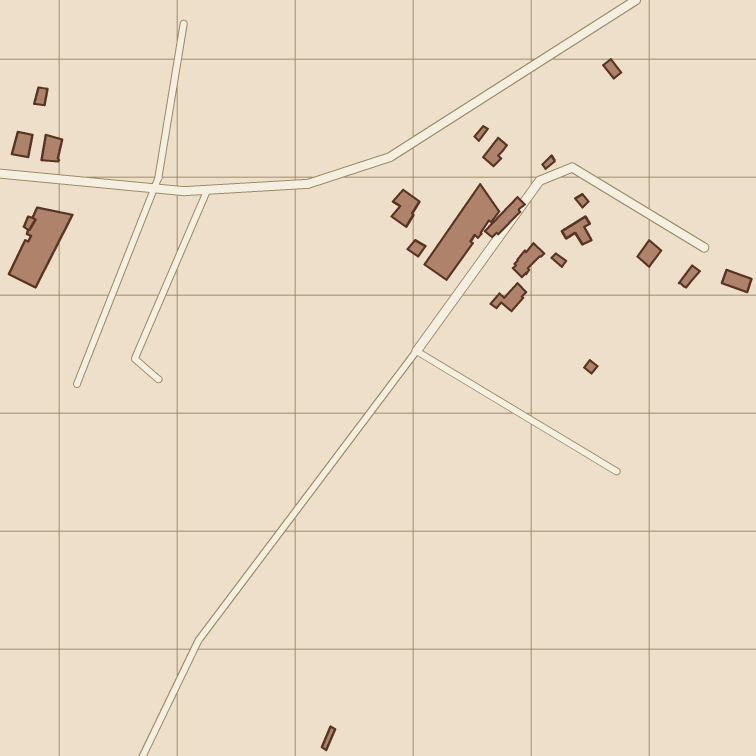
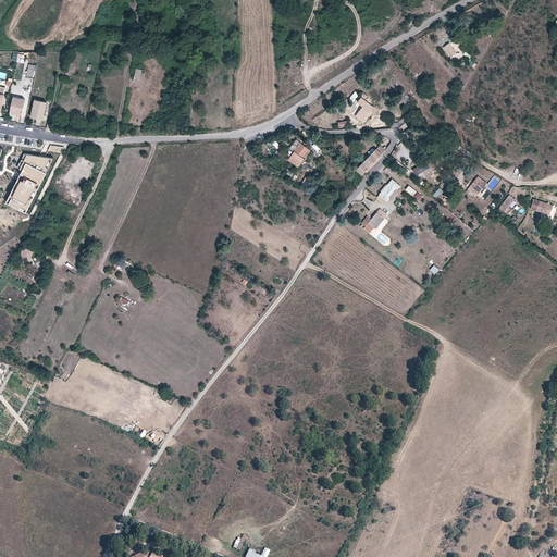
building: [425,184,499,280] -> none

